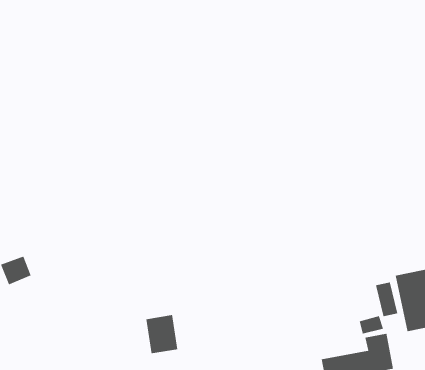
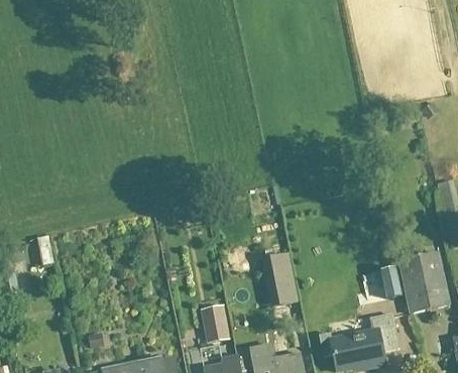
building: none -> [267,253,296,303]
building: [145,315,178,354] -> [205,305,235,342]

